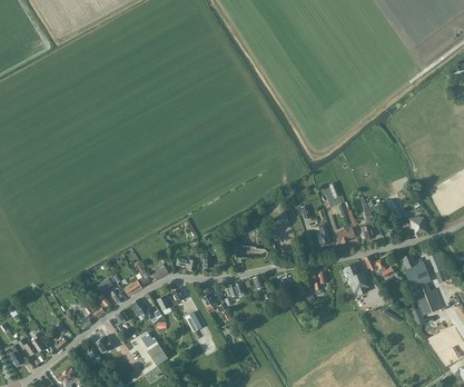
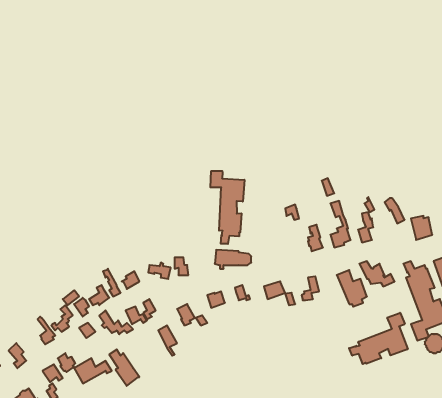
building: none -> [210,171,244,244]
building: none -> [349,313,408,364]

